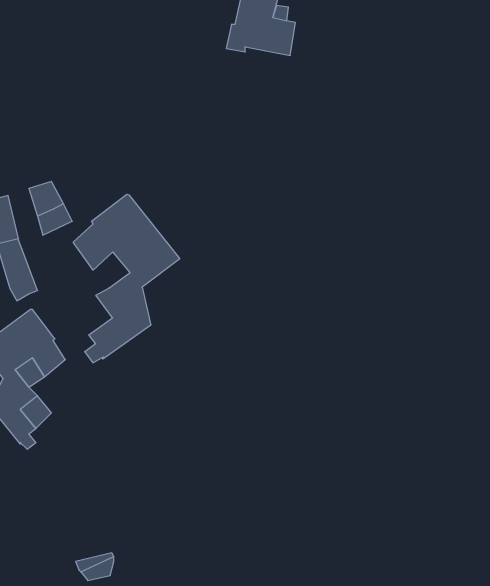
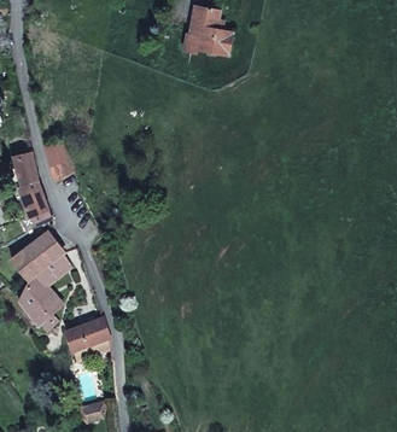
building: [73,194,180,363] -> none
building: none -> [65,317,110,361]

